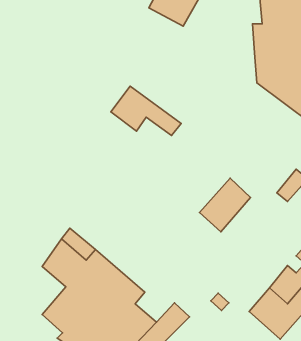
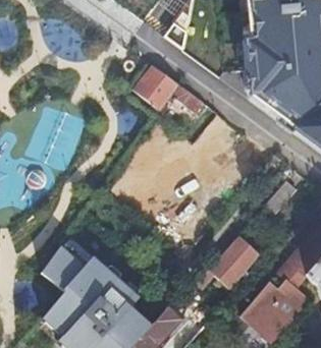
building: [111,86,181,135] -> [136,65,203,112]
building: [199,178,251,232] -> [210,235,259,286]

